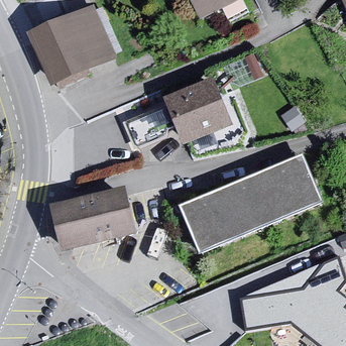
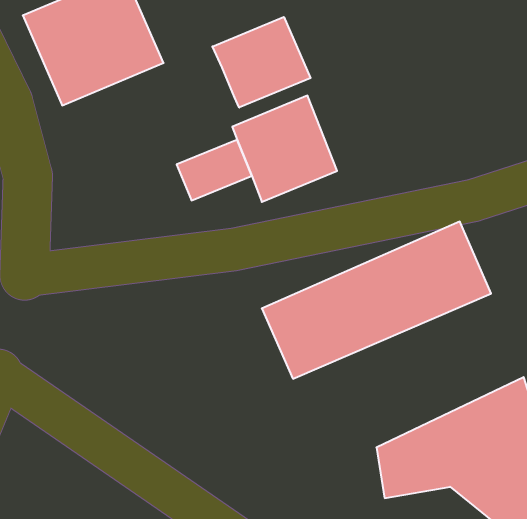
building: none -> [212,17,311,108]
building: [45,187,130,247] -> none

